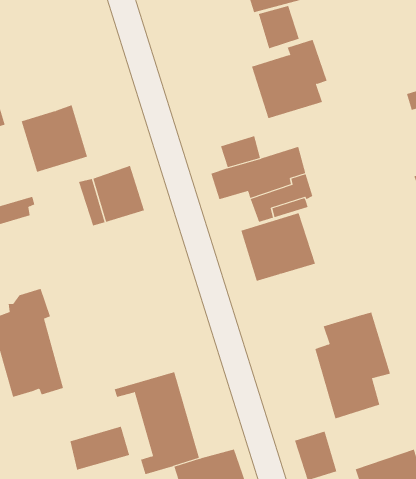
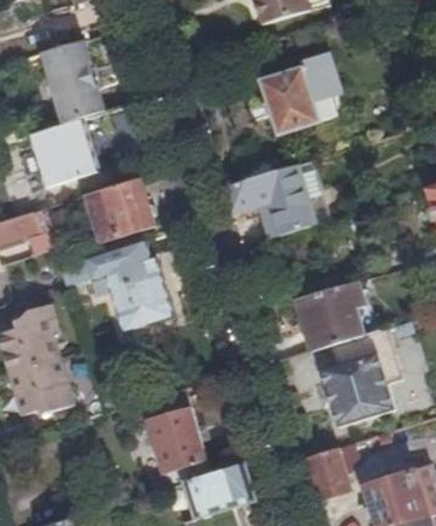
building: [258,5,300,49] -> none
building: none -> [41,41,102,124]
building: [241,213,316,282] -> [294,279,370,349]
building: none -> [58,241,170,330]
building: [70,426,130,471] -> none

